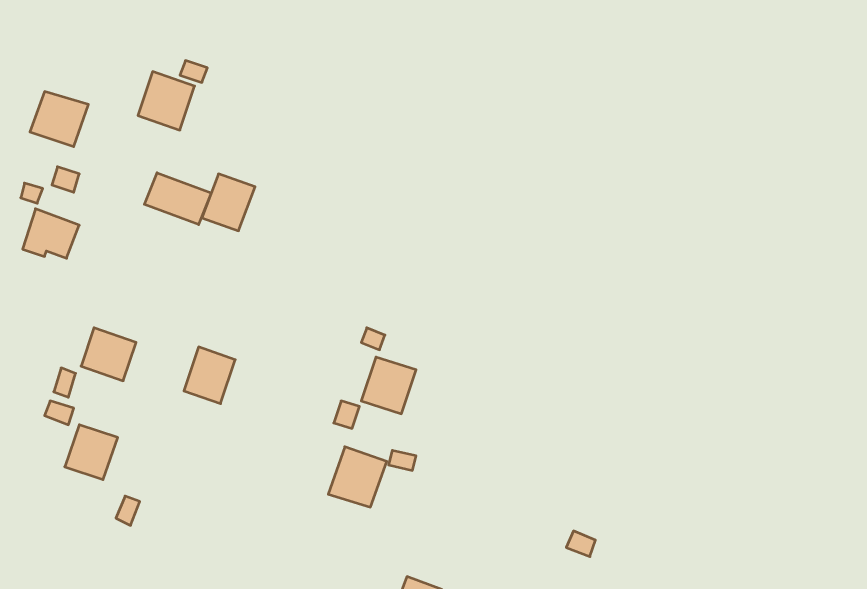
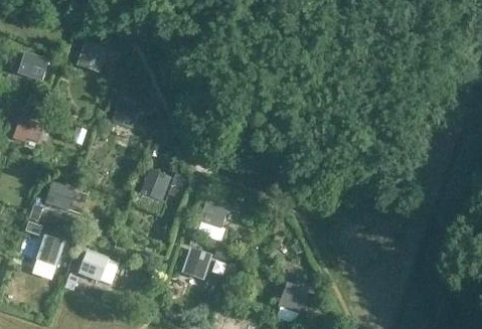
building: [144,173,211,225] -> none
building: [184,347,235,404] -> [141,176,169,207]
building: none -> [77,249,109,282]
building: none -> [278,282,309,314]

